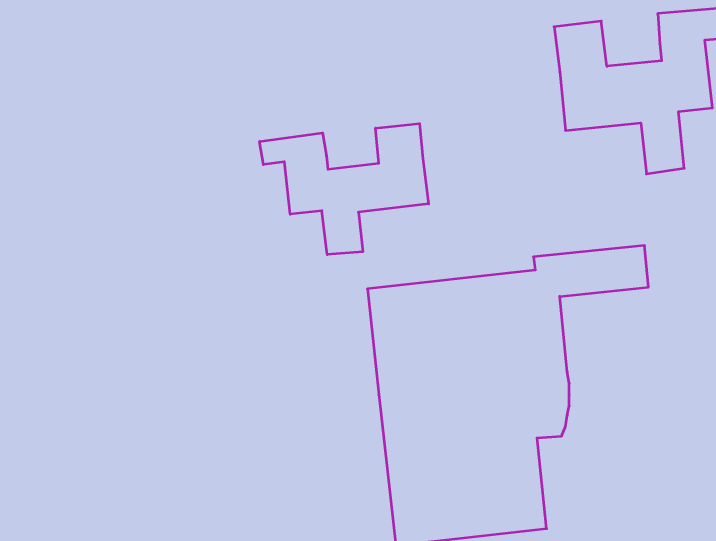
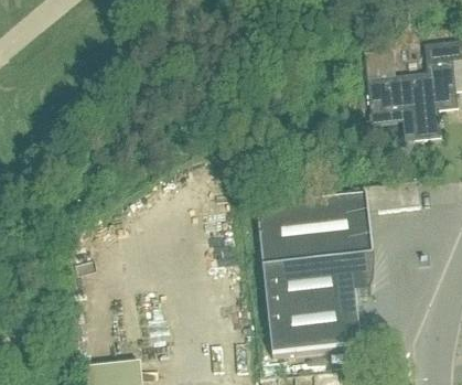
building: [260,124,429,255] -> none

